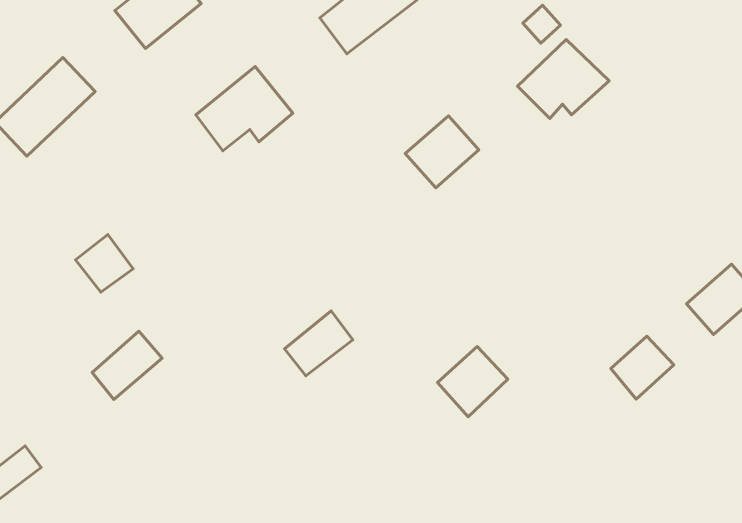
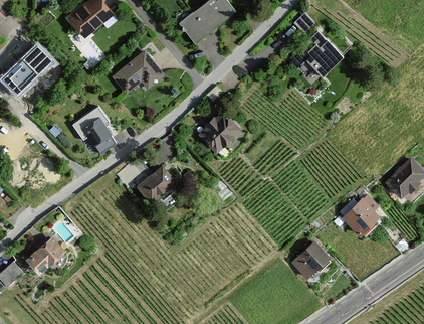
building: [405,116,479,188] -> [198,111,239,151]
building: [76,235,133,292] -> [79,115,112,147]
building: [284,311,353,376] -> [135,164,173,200]
building: [92,331,162,399] -> [25,236,64,275]
building: [438,347,508,417] -> [291,240,331,280]

